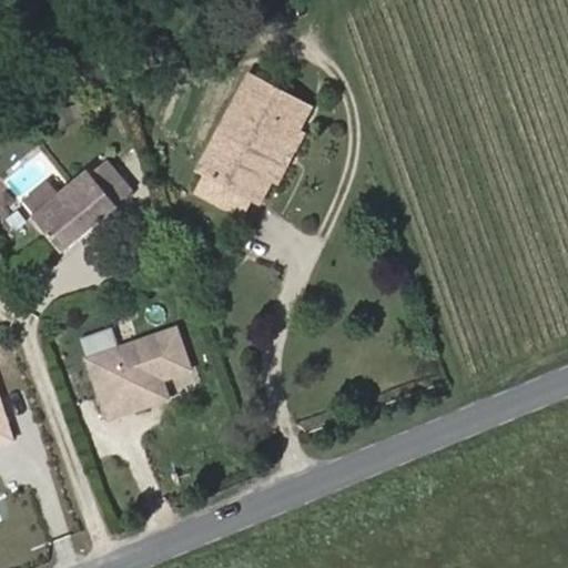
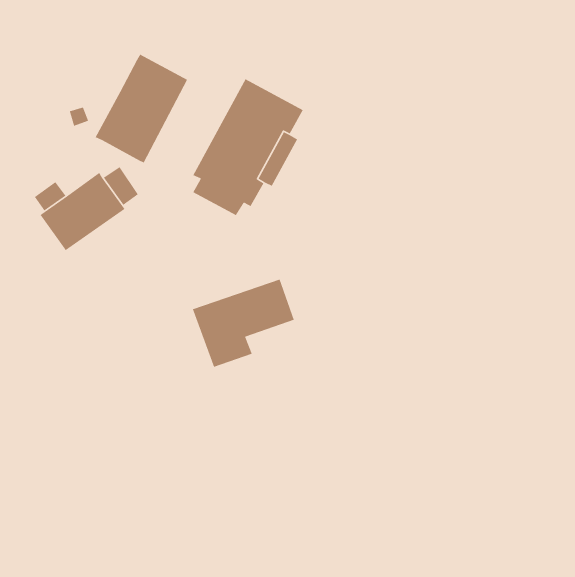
building: none -> [94,53,188,164]
building: [91,326,192,414] -> [192,278,295,368]

